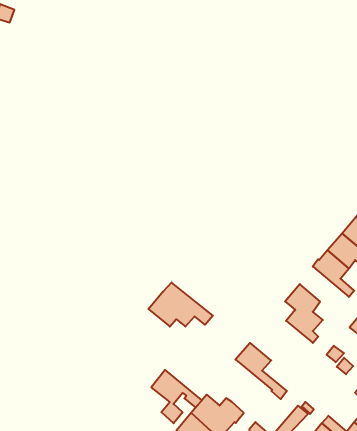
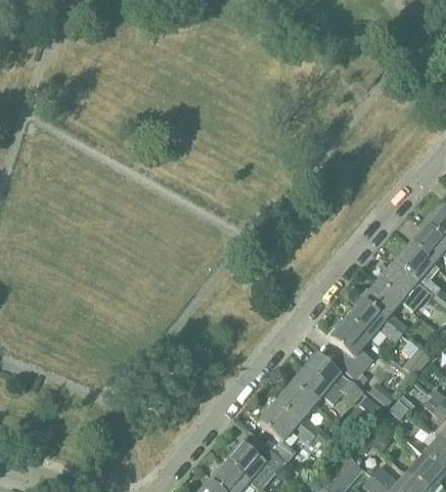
building: none -> [347,299,401,341]
building: [148,282,213,327] -> [292,354,363,403]
building: [151,370,202,423] -> [260,402,316,461]

